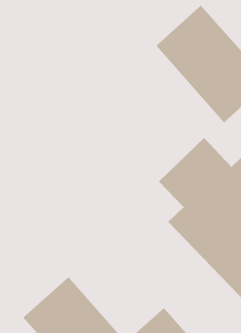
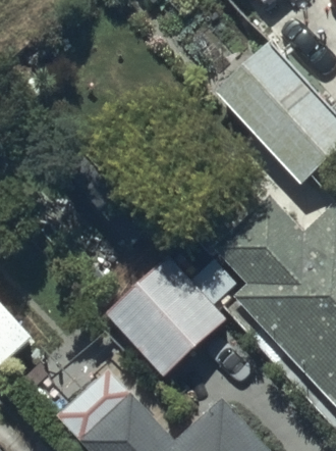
building: none -> [99,248,227,377]

